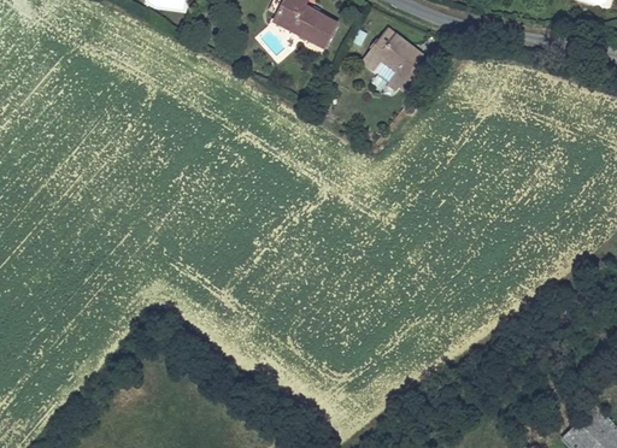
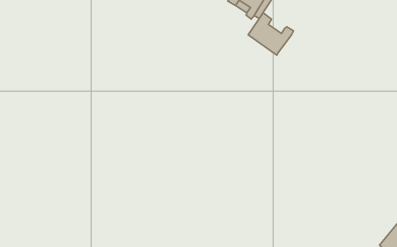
building: none -> [248,13,293,55]

